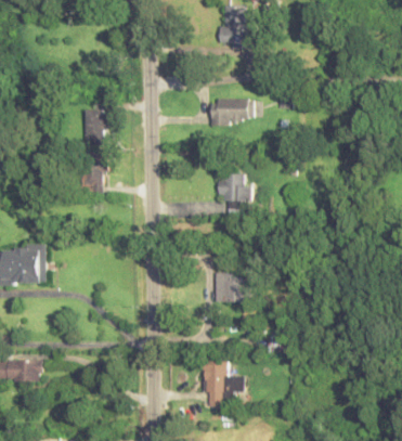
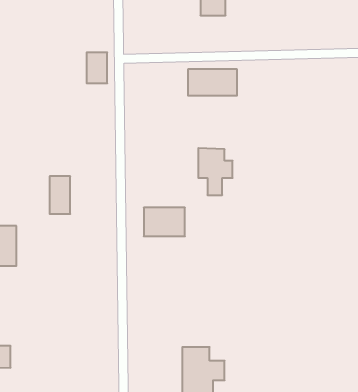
building: [83,109,103,139] -> [87,52,107,83]
building: [82,155,102,191] -> [50,176,70,214]
building: [213,273,252,300] -> [144,208,185,236]

